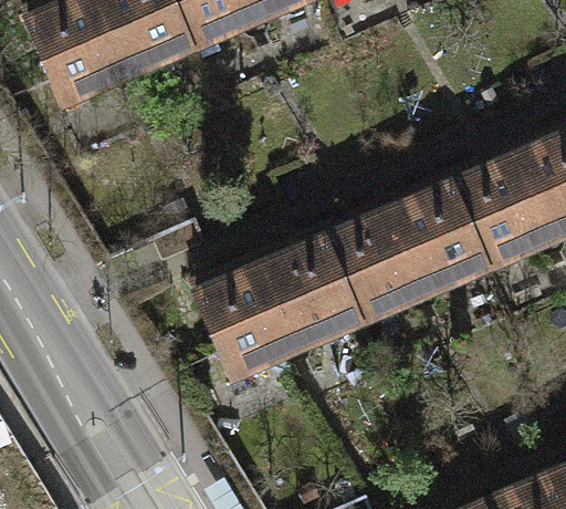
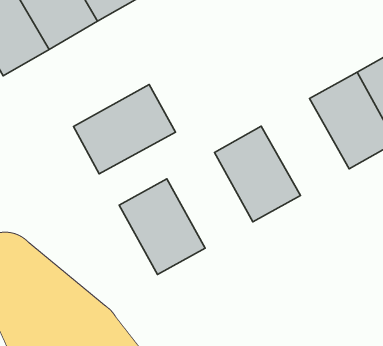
building: none -> [73,85,176,174]
building: [381,175,485,294] -> none
building: [256,229,358,347] -> none

